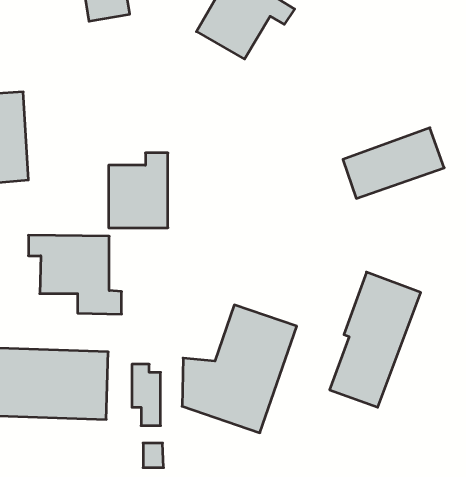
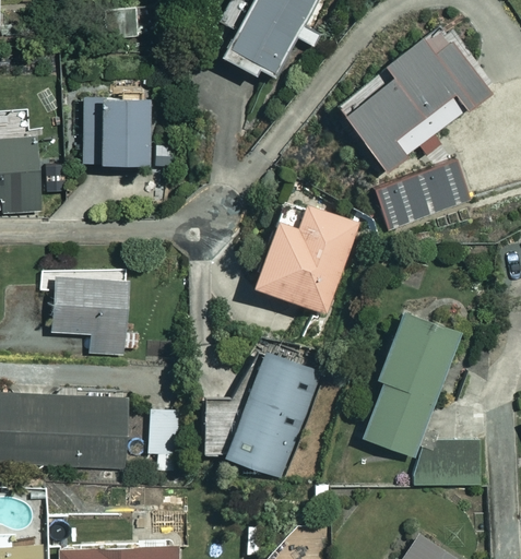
building: none -> [341,37,492,174]
building: [109,153,168,228] -> [84,83,147,163]
building: none -> [250,202,364,313]
building: none -> [414,439,479,487]

